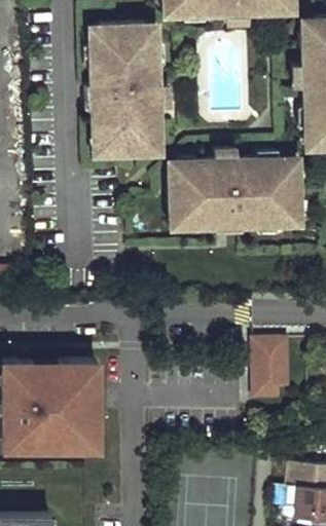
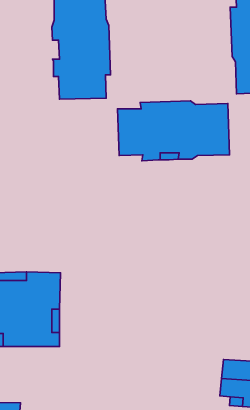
building: [246,337,286,398] -> none

